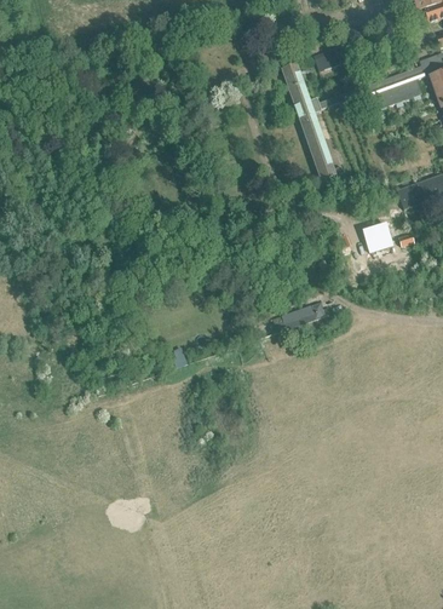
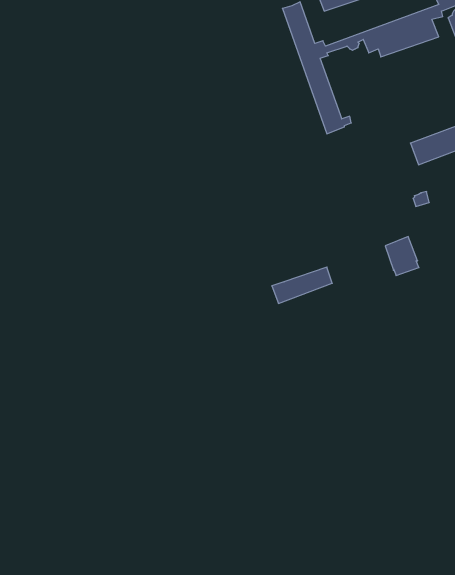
building: [364,223,395,258] -> [385,237,419,276]

